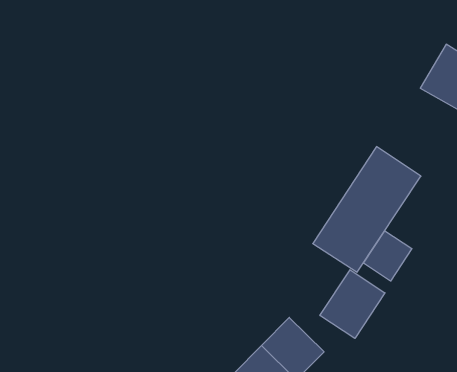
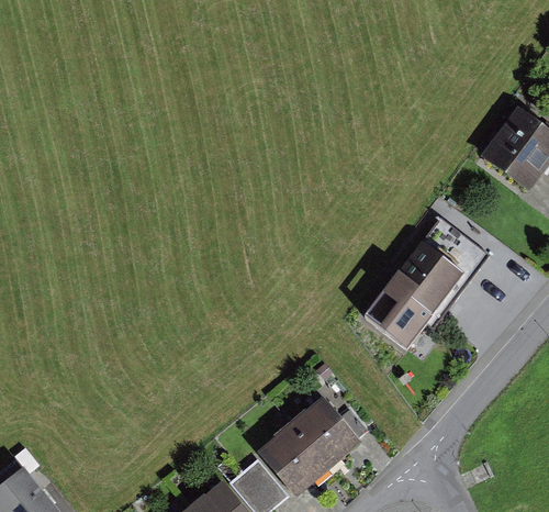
building: [363,231,412,281] -> none
building: [320,270,385,338] -> none

